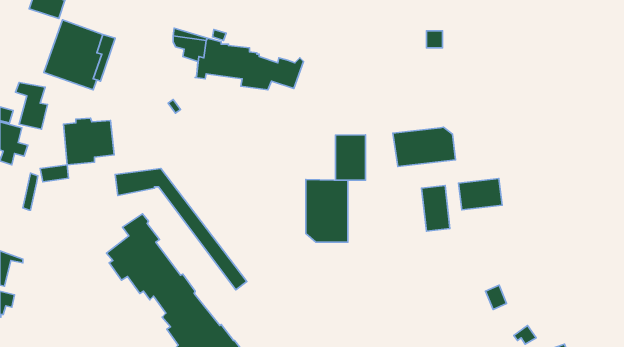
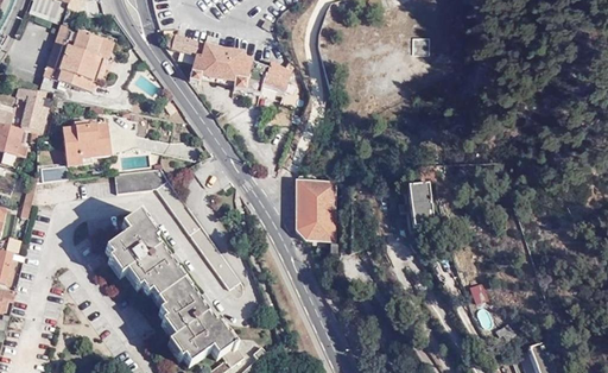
building: [393,127,456,167] -> none
building: [335,135,366,180] -> none
building: [459,179,502,210] -> none

